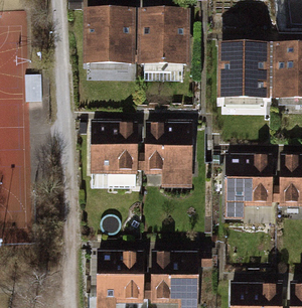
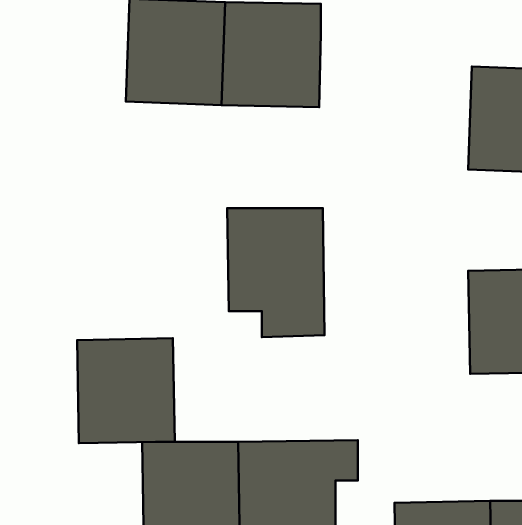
building: [219,40,274,98] -> none
building: [88,119,141,176] -> [77,338,175,443]
building: [219,153,273,221] -> none

